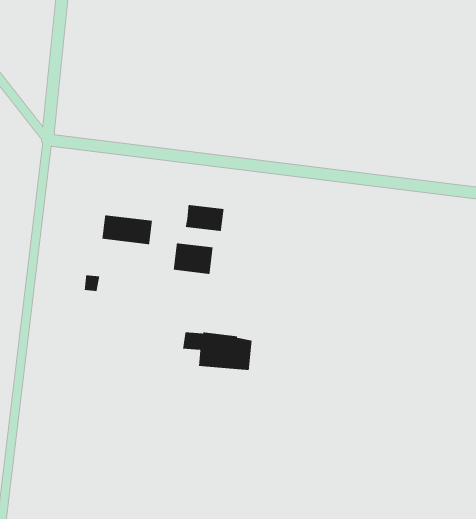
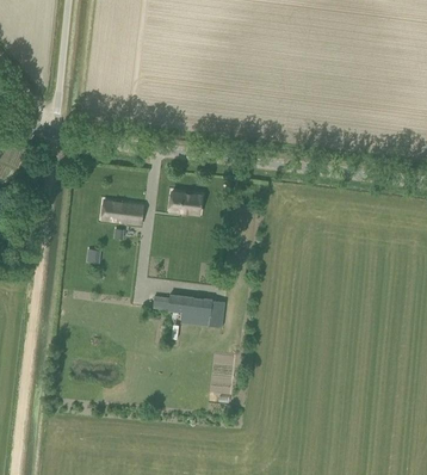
building: [173,242,214,275] -> none

